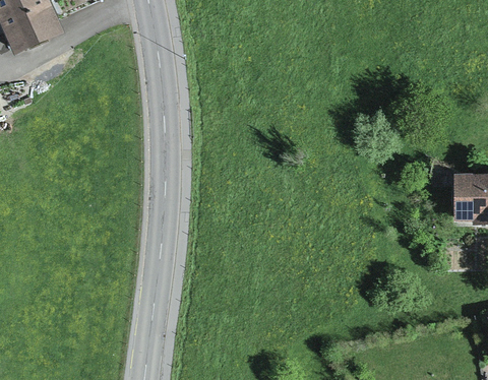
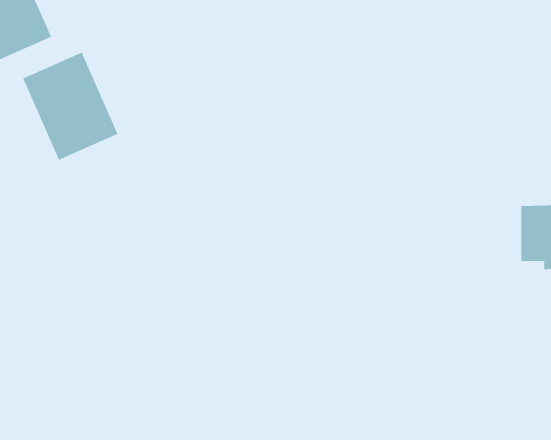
building: none -> [22,52,118,161]

